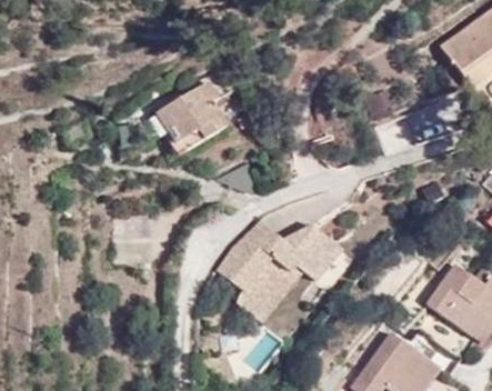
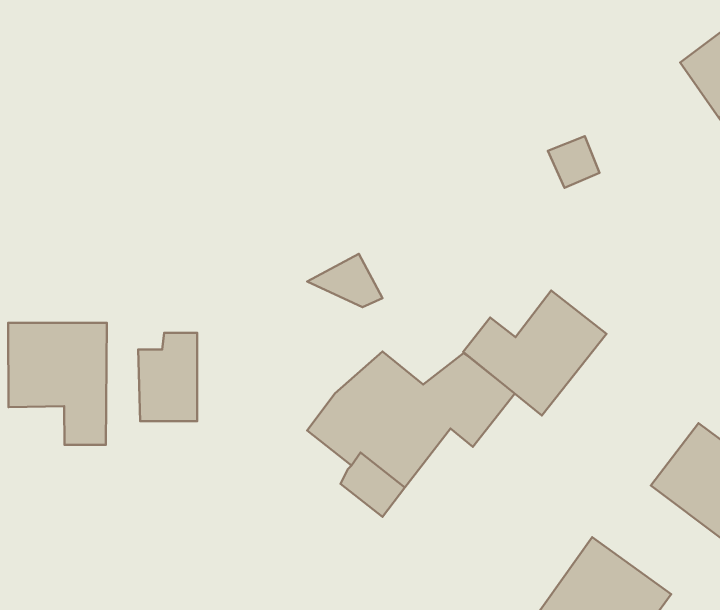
building: [157,81,227,153] -> none
building: none -> [463,290,606,415]
building: none -> [8,323,107,445]

